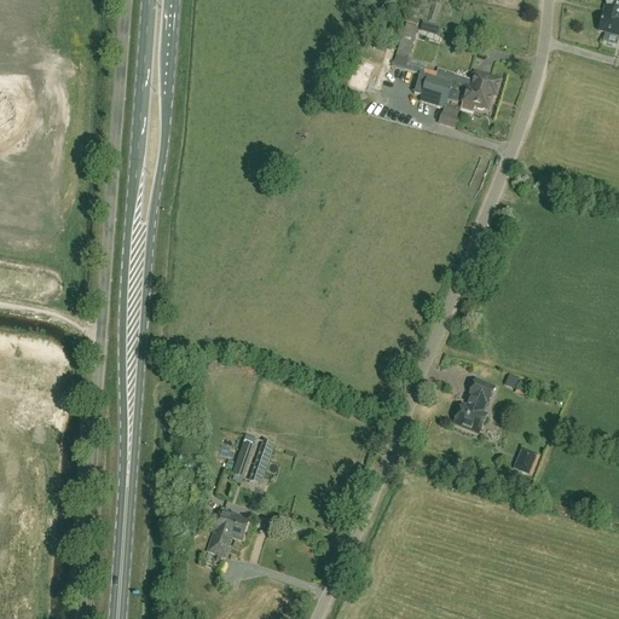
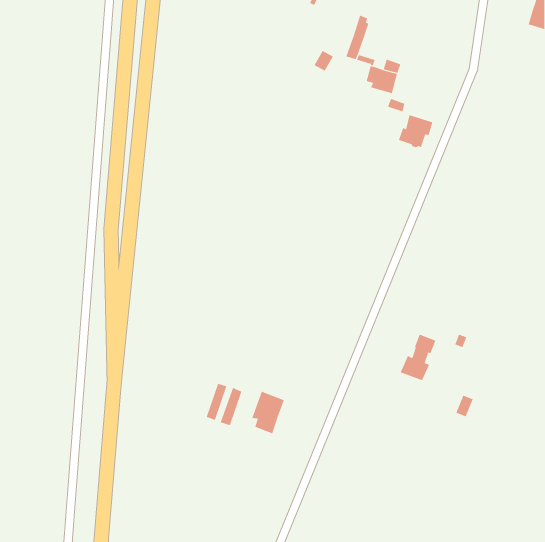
building: [462,70,502,108] -> [398,115,433,148]
building: none -> [252,391,284,434]
building: [207,508,249,556] -> none

